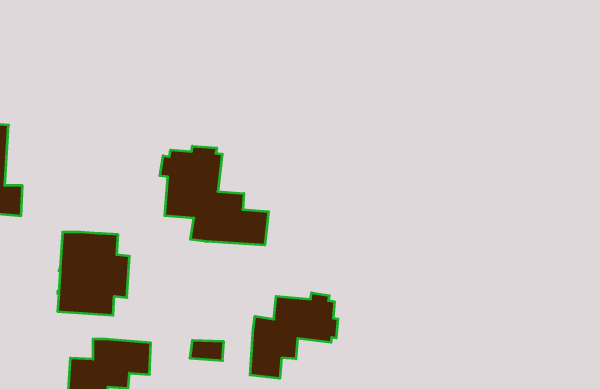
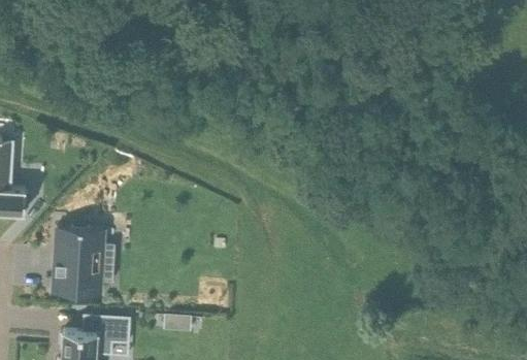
building: [160,146,269,245] -> none
building: [250,293,338,378] -> none

